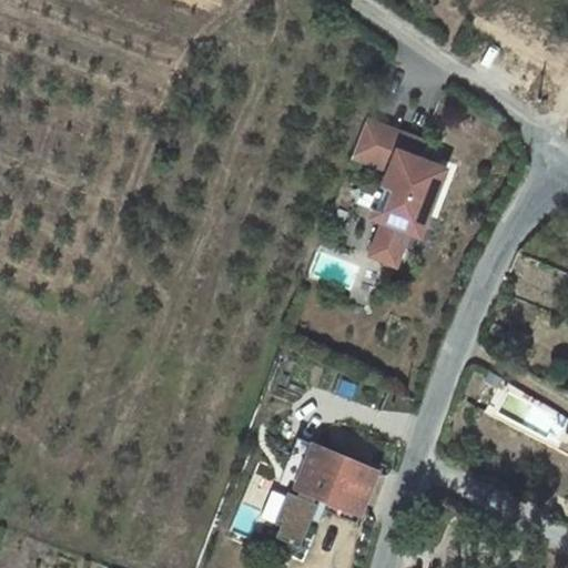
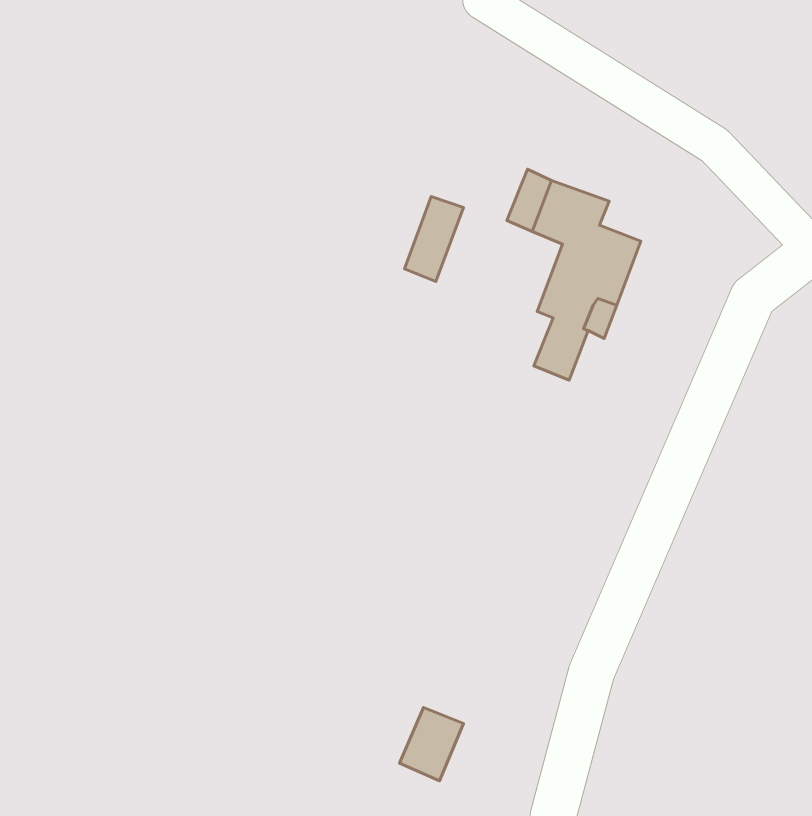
building: none -> [404,197,464,281]
building: [280,438,377,515] -> none

